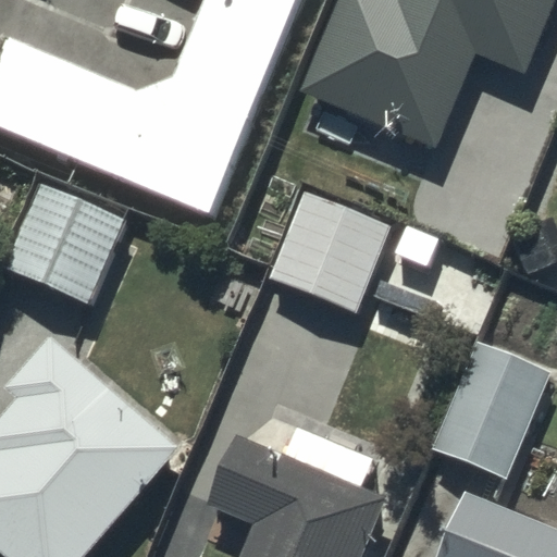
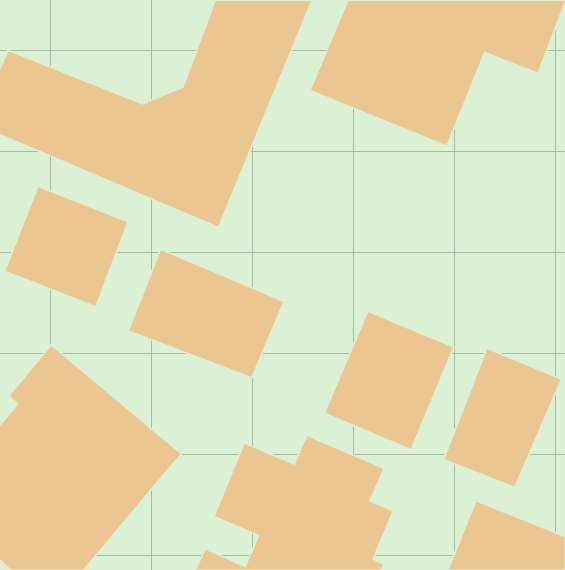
building: [270,193,385,309] -> none
building: none -> [128,249,284,378]
building: none -> [324,311,454,450]

